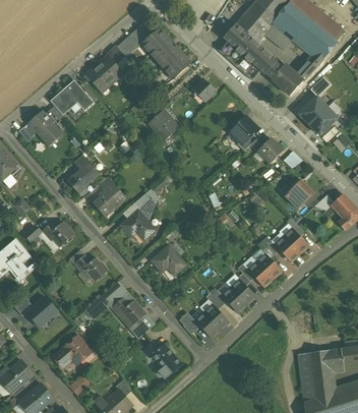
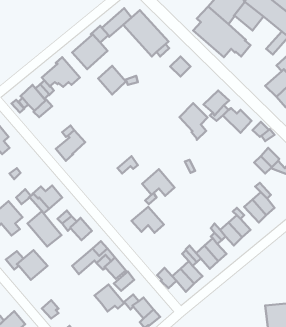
building: [271,63,303,95] -> none
building: [148,109,179,140] -> [98,66,126,94]
building: none -> [179,103,208,140]
building: [93,176,124,216] -> none
building: [120,209,156,238] -> [142,169,174,196]
building: none -> [27,211,62,247]
building: [62,335,95,364] -> [95,285,124,311]

